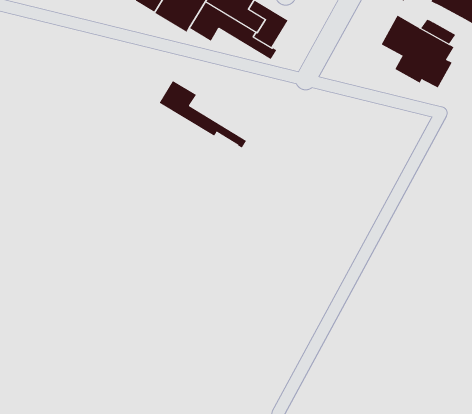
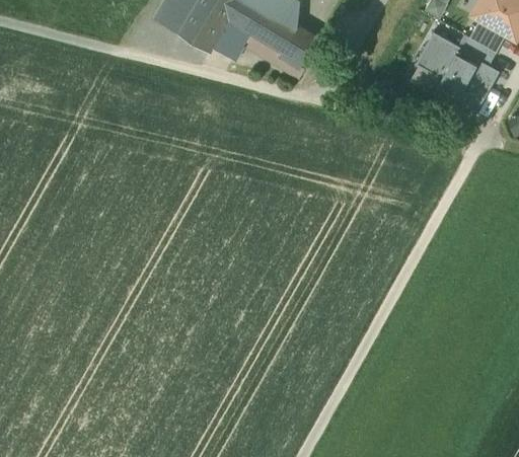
building: none -> [472,20,507,51]
building: [159,80,247,149] -> none

